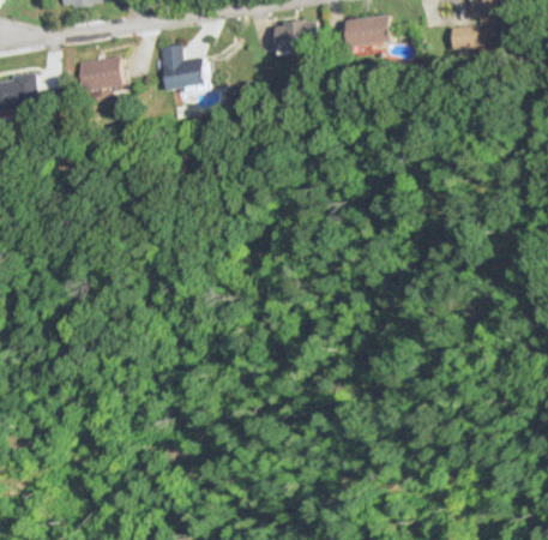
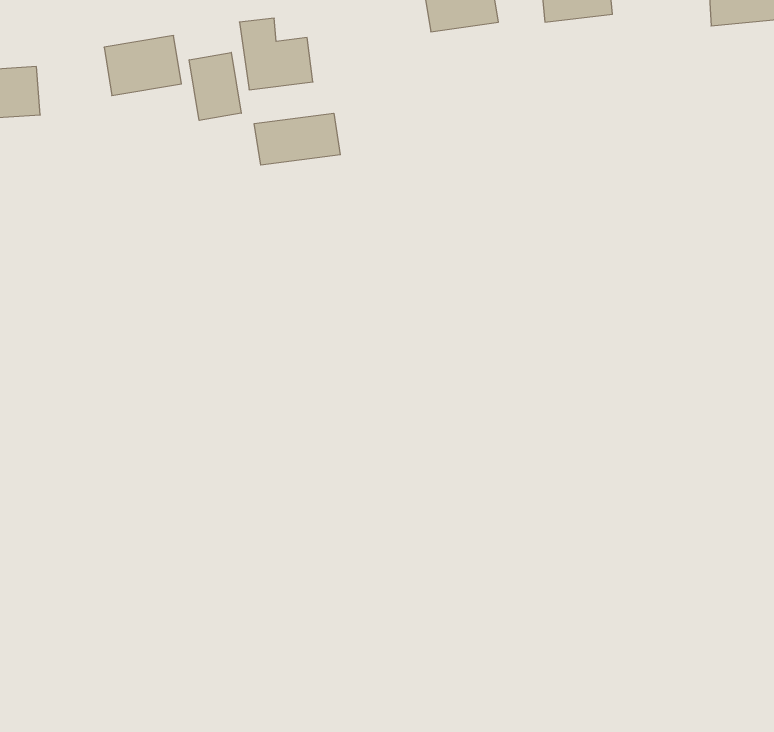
building: none -> [189,52,241,120]
building: none -> [254,113,340,165]

